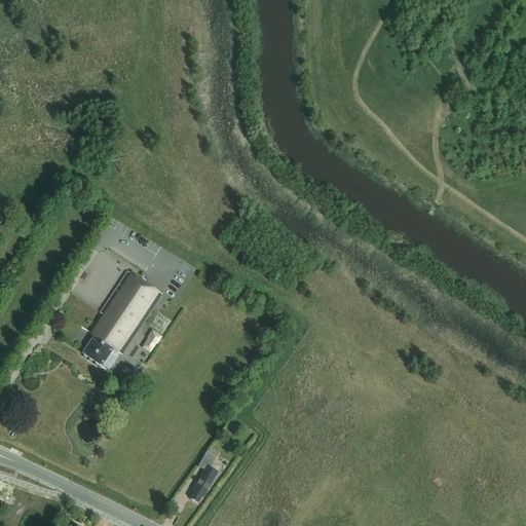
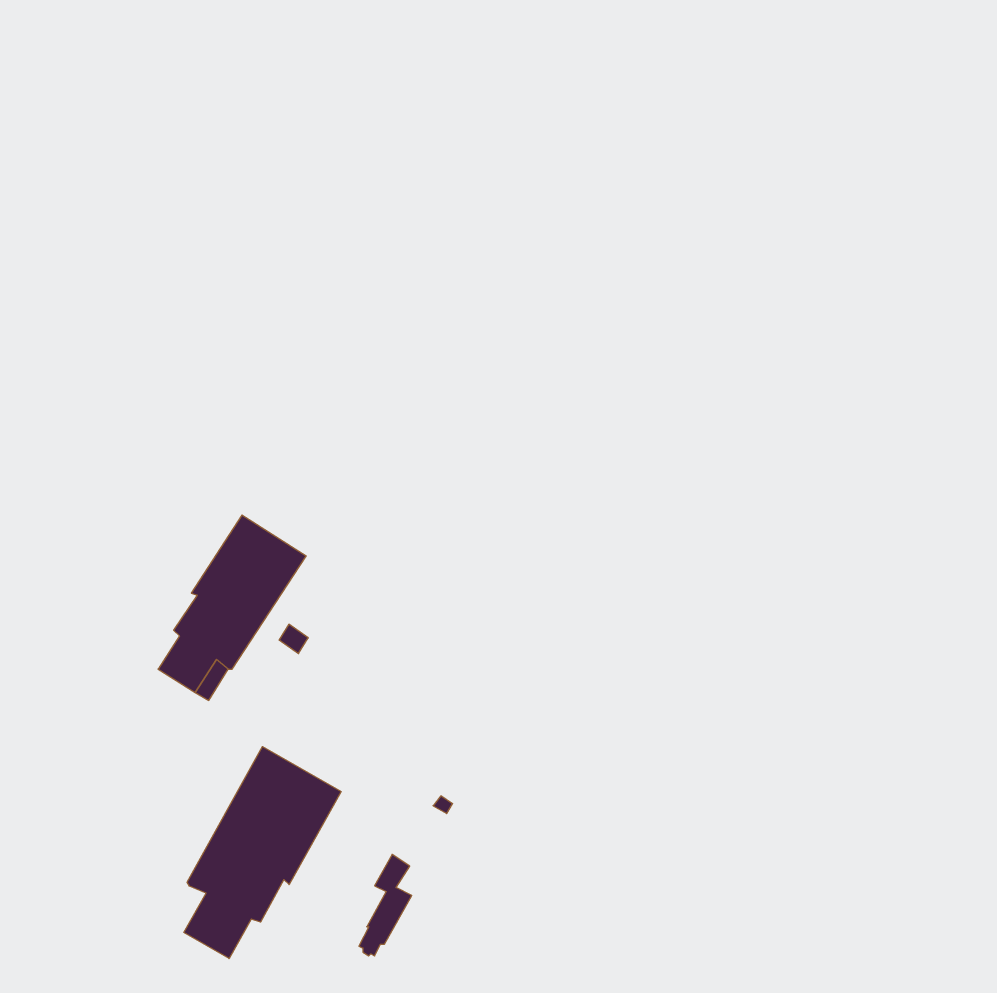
building: none -> [184,747,341,959]

